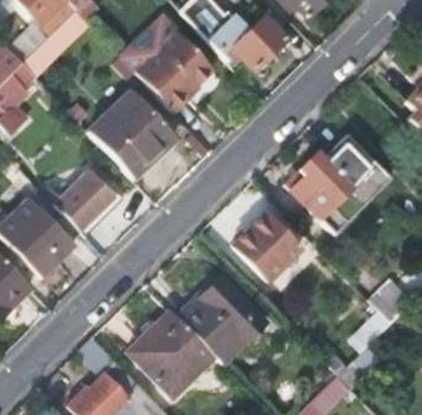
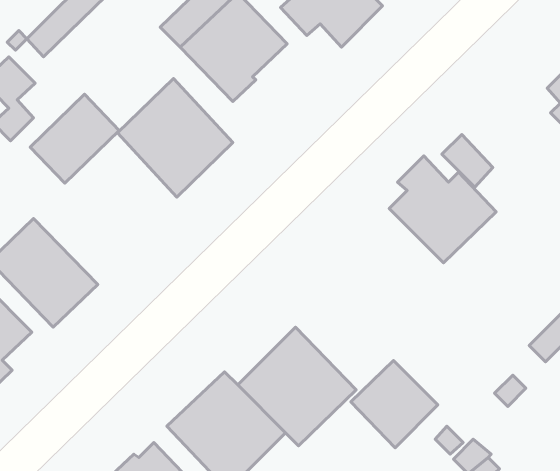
building: [55,163,120,228] -> [30,94,119,183]
building: [235,212,300,277] -> [351,360,438,448]

